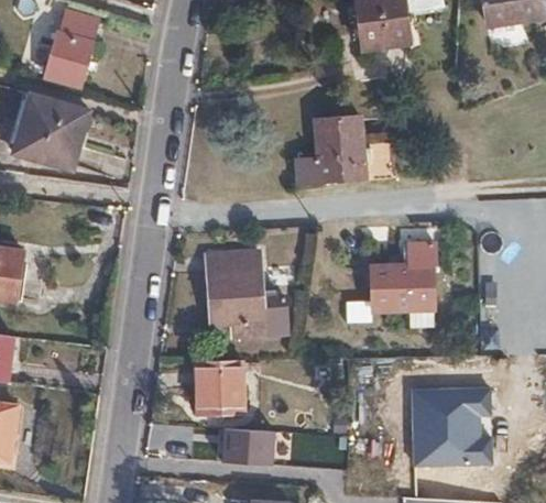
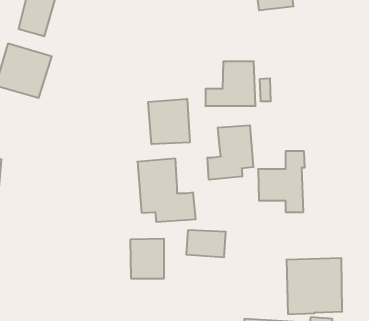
building: none -> [148,99,190,144]
building: none -> [207,125,253,180]
building: [220,428,274,464] -> [186,230,226,257]

